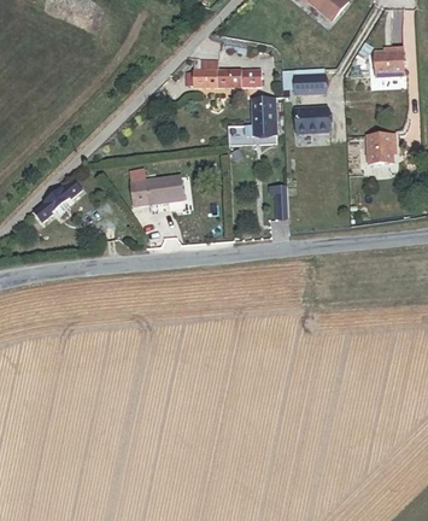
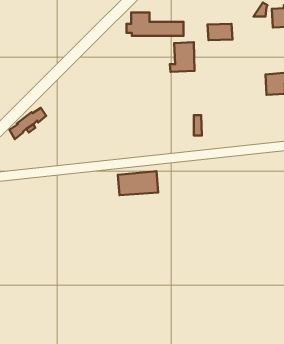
building: [297,107,328,133] -> none
building: [130,174,183,205] -> [118,171,158,195]

